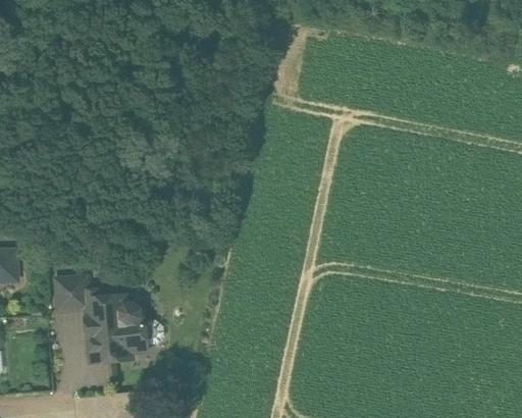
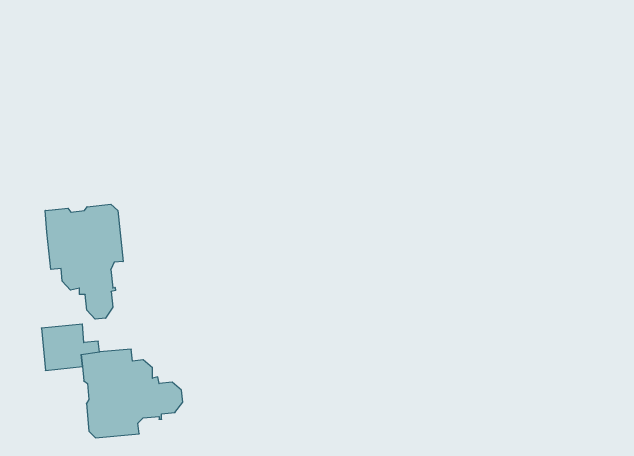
building: none -> [45,204,123,319]

